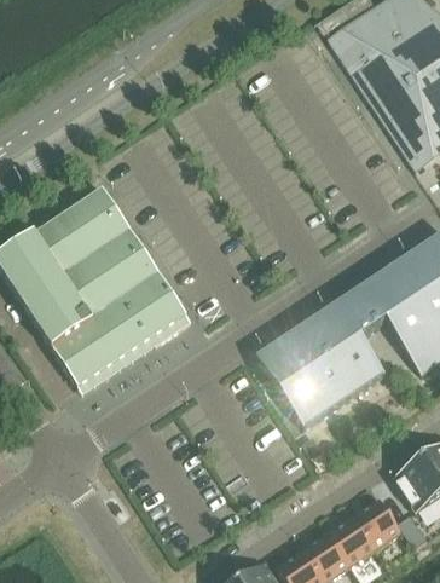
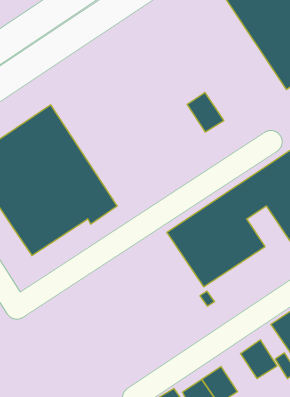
building: none -> [187,92,224,132]
building: [328,514,375,564] -> none

